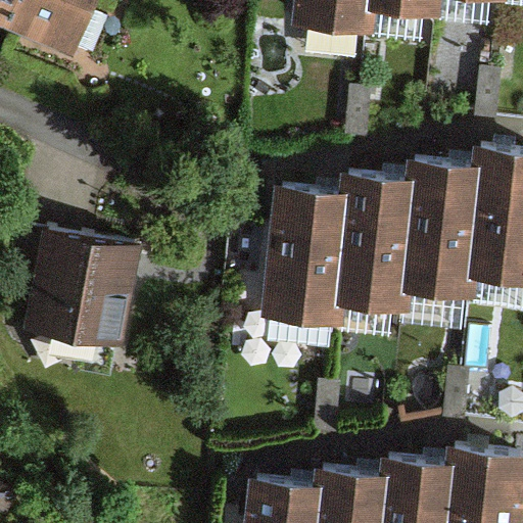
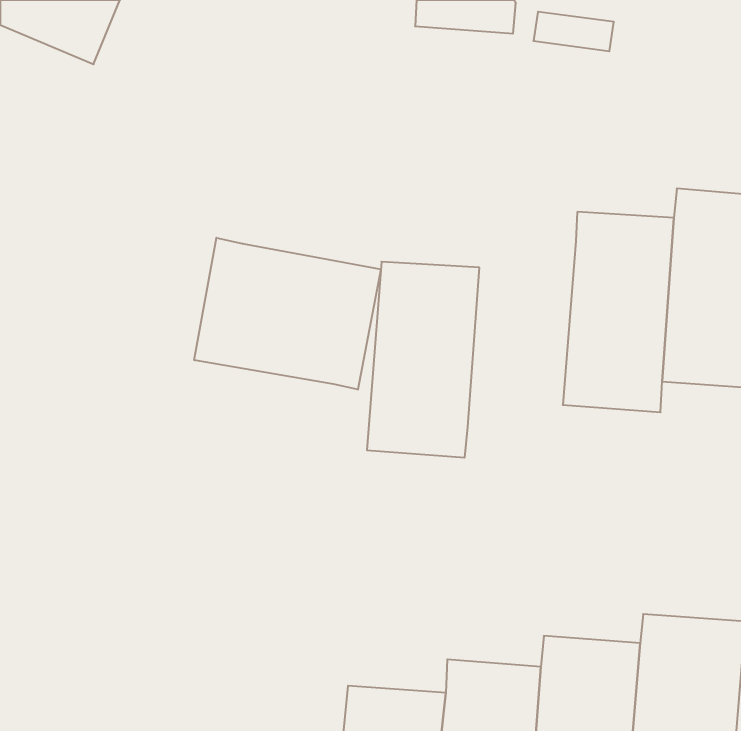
building: [331,176,407,314] -> none
building: none -> [194,238,381,390]
building: [37,227,138,336] -> none

